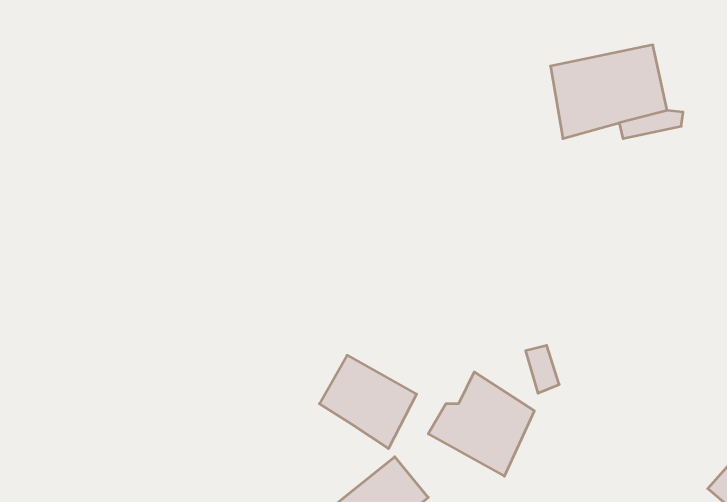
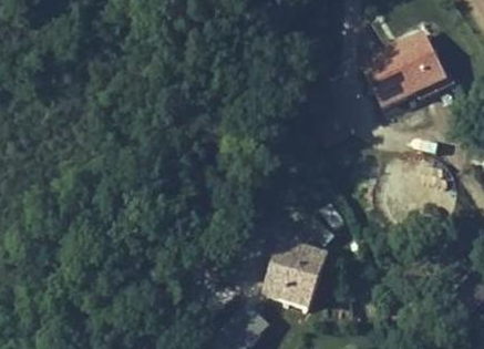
building: [319,355,417,449] -> none

